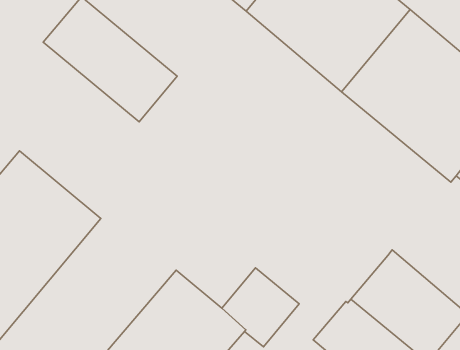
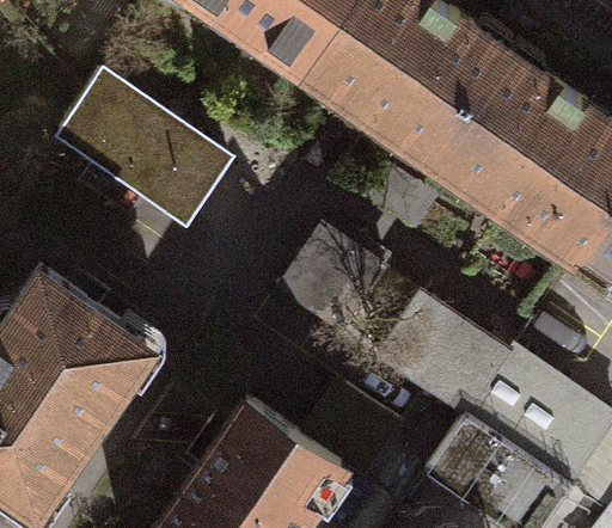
building: none -> [280,232,388,339]
building: none -> [379,299,510,423]

